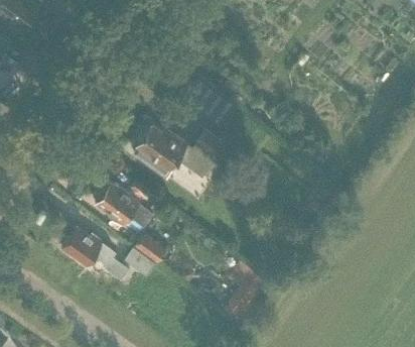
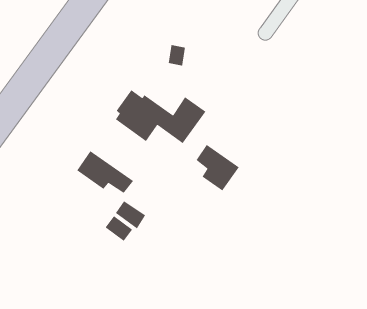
building: none -> [195,144,240,191]
building: [61,227,129,279] -> none

